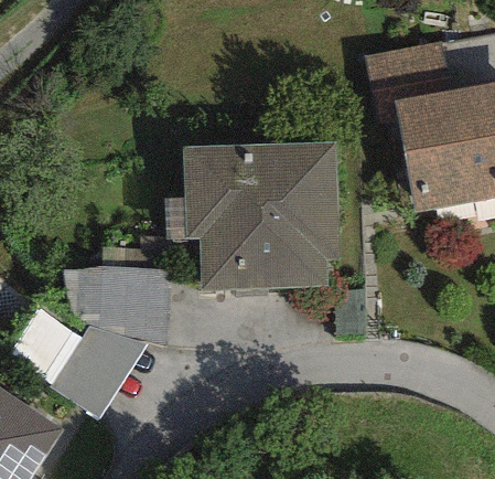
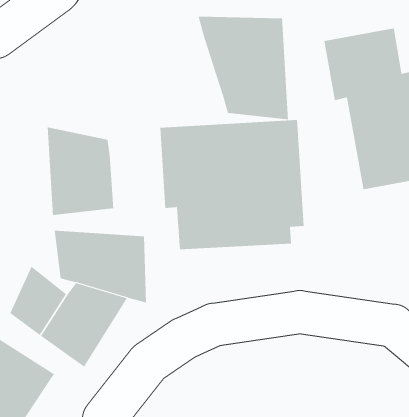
building: none -> [198,16,288,120]
building: none -> [47,127,114,216]

